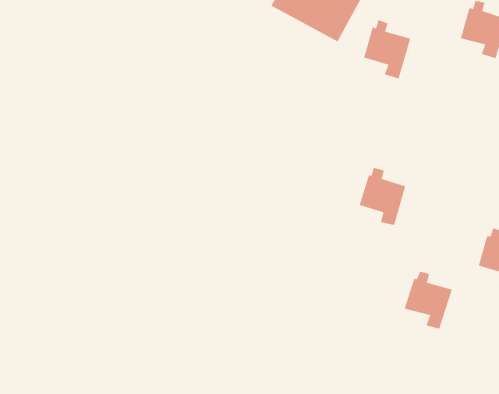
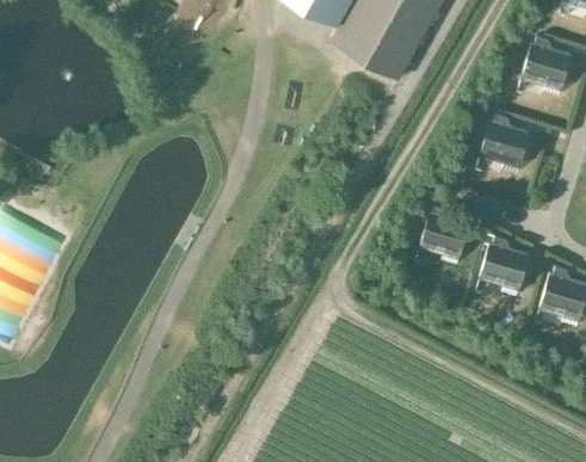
building: [363,19,411,80] -> [480,113,529,174]
building: [403,270,453,330] -> [479,236,529,296]

